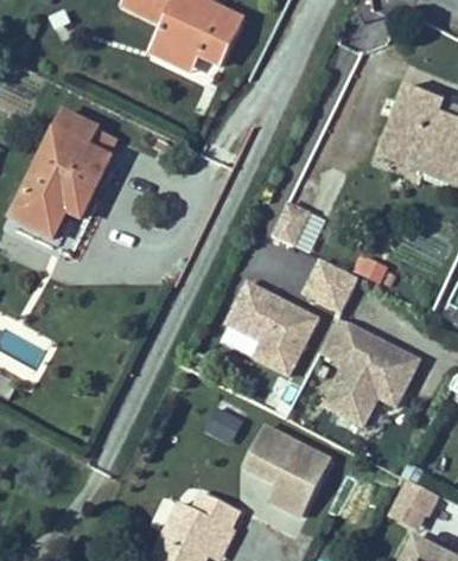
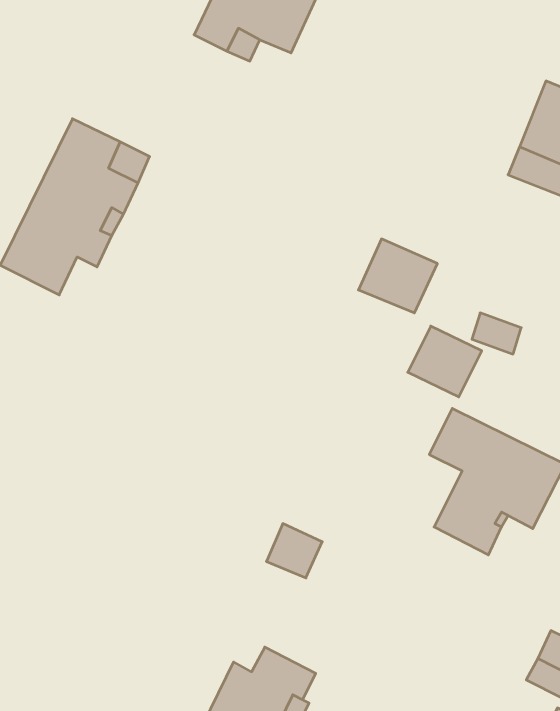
building: [227,282,317,375] -> none
building: [244,426,331,515] -> none

